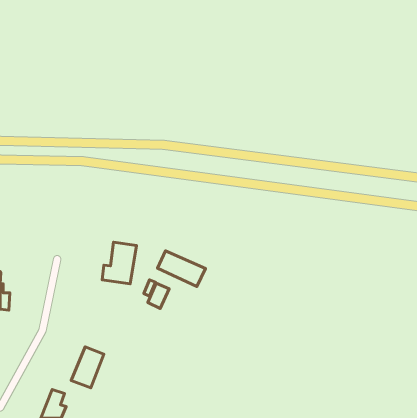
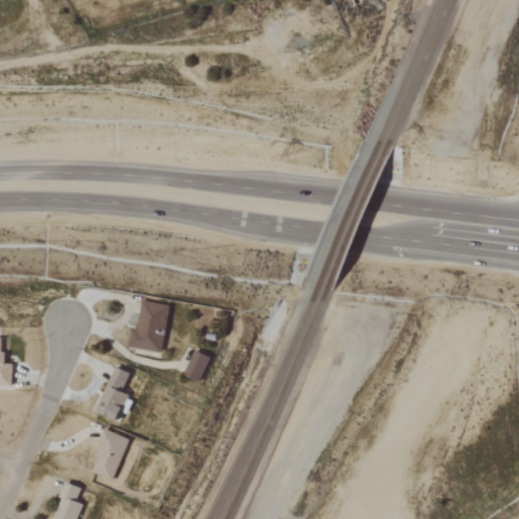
building: [157,251,206,286] -> none
building: none -> [95,366,130,421]

